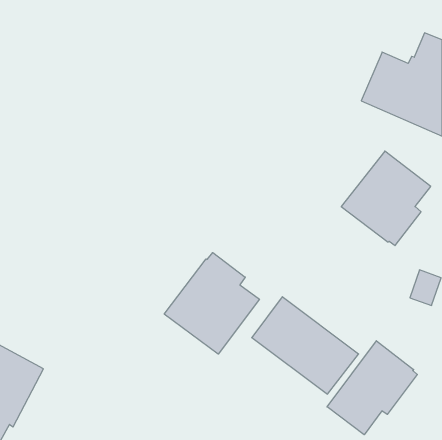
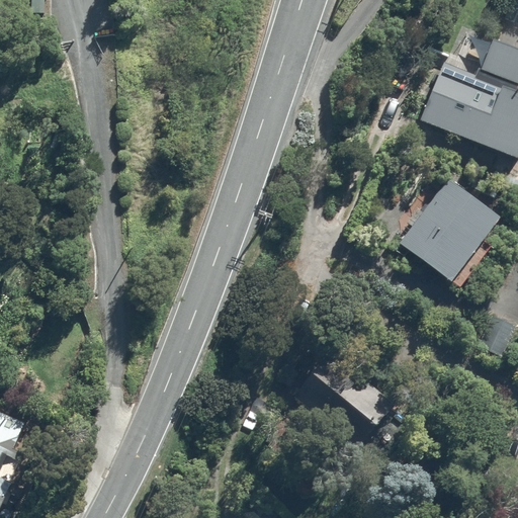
building: [164,253,259,354] -> none
building: [327,341,417,435] -> none

